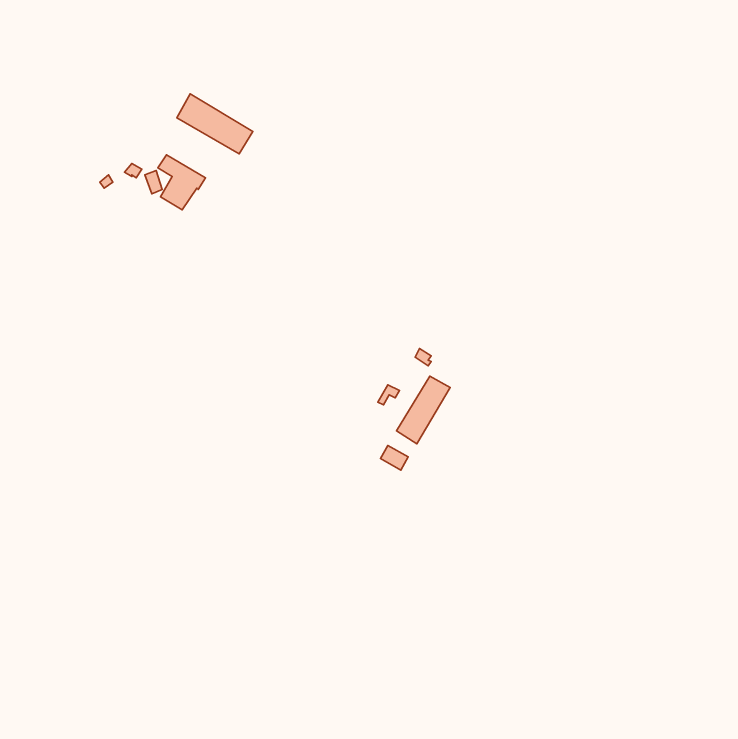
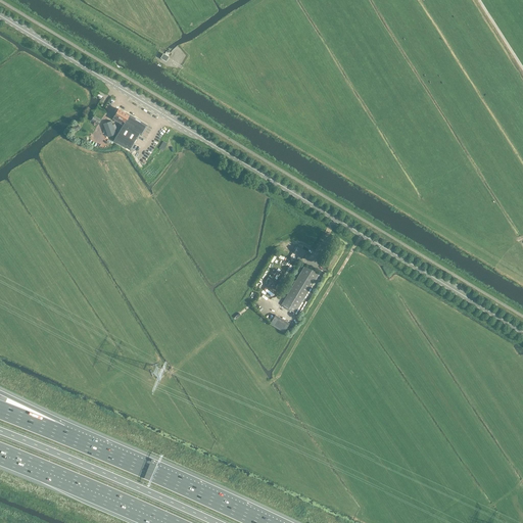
building: [177,94,253,154] -> none

